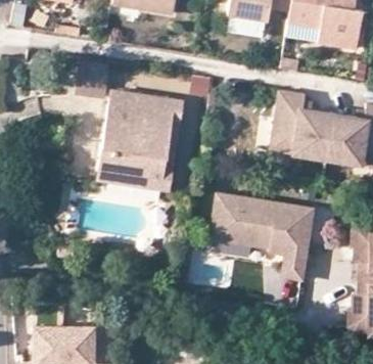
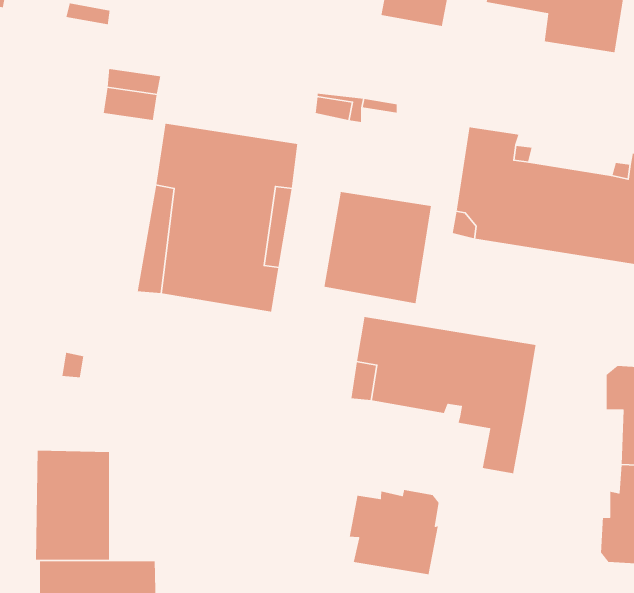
building: none -> [323,191,432,304]
building: none -> [35,450,110,560]
building: none -> [349,489,439,575]

